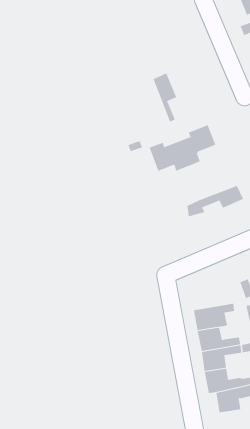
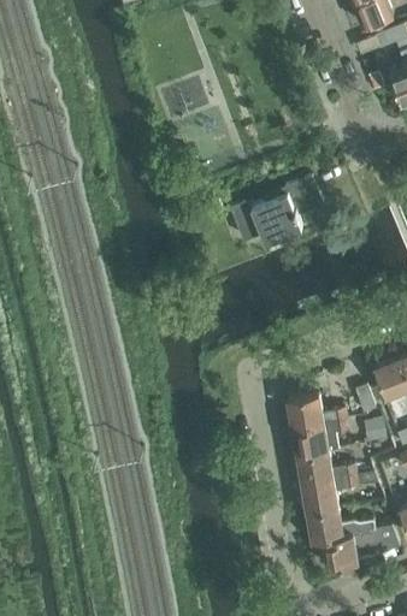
building: [153,73,177,123] -> none
building: [187,185,244,217] -> none
building: none -> [288,395,348,430]

